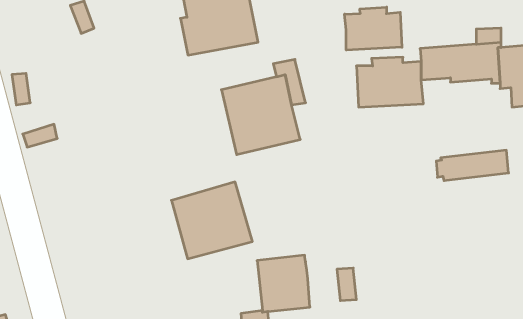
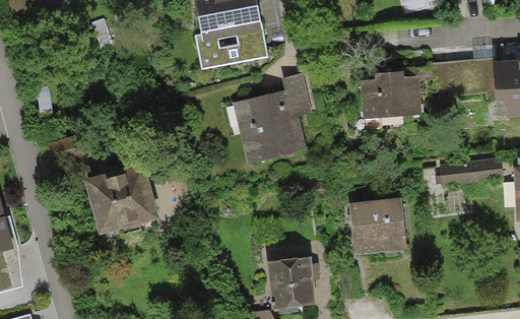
building: [345,7,402,50] -> none
building: [171,182,252,259] -> [84,163,160,235]
building: none -> [349,197,407,255]

